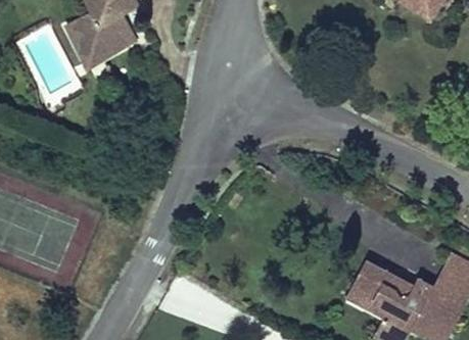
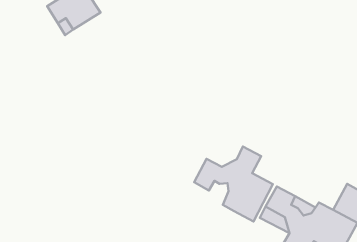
building: none -> [194,147,273,222]

